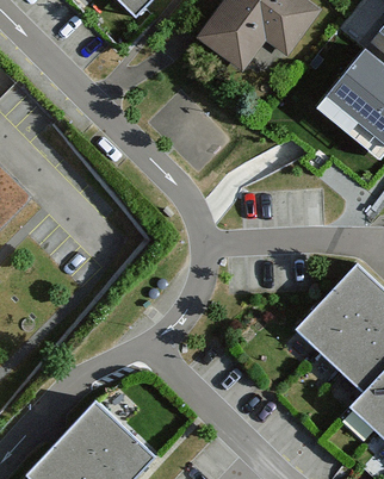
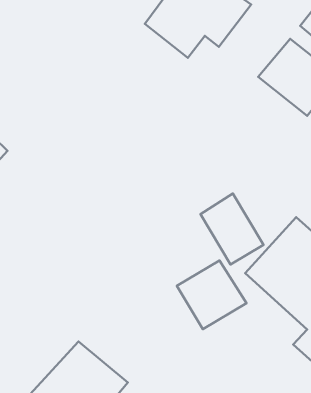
building: none -> [201,193,263,264]
building: none -> [177,260,246,329]

